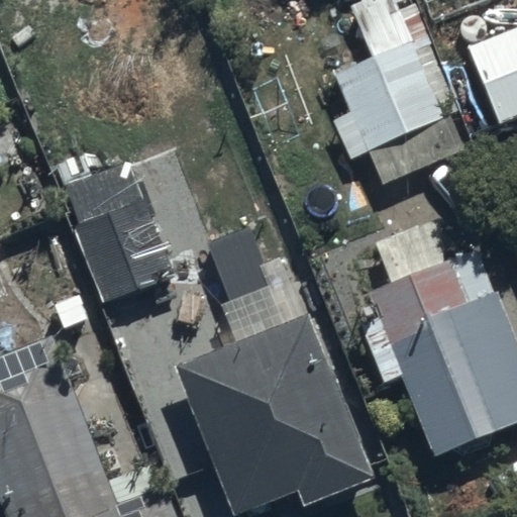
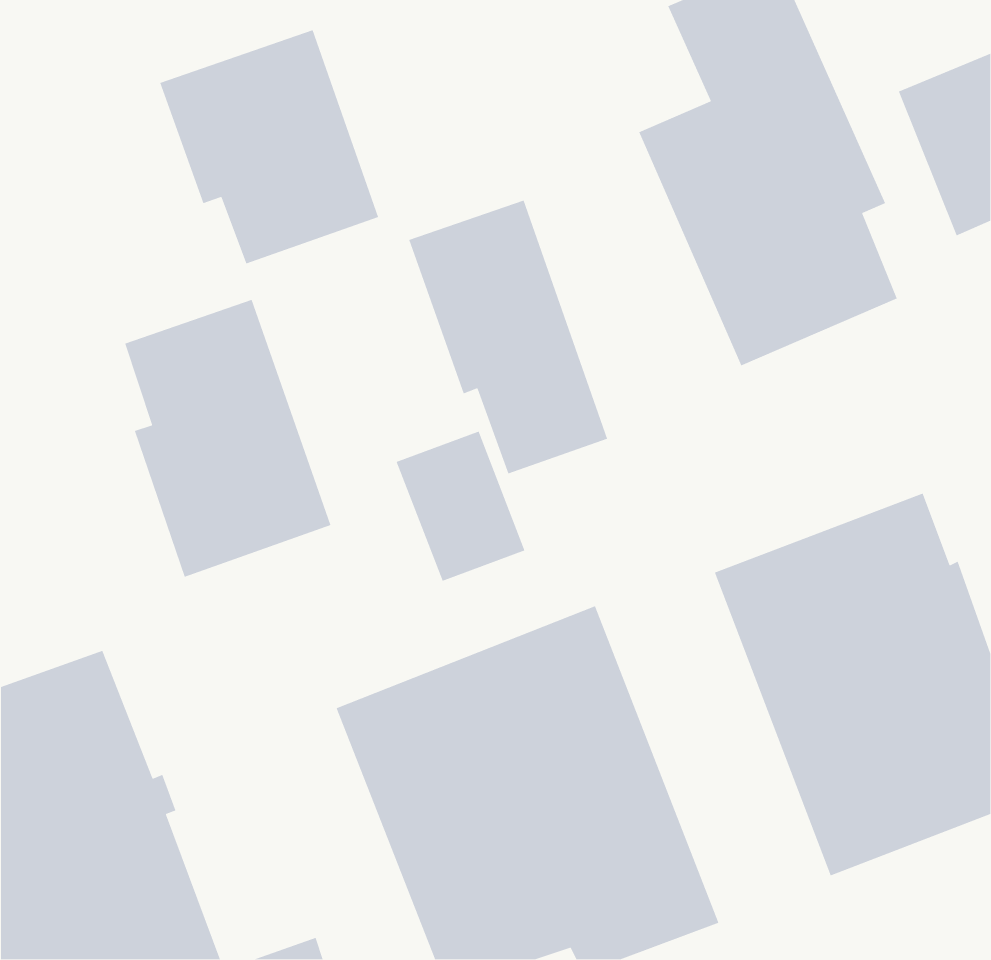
building: none -> [159,29,379,265]
building: none -> [408,200,608,475]

